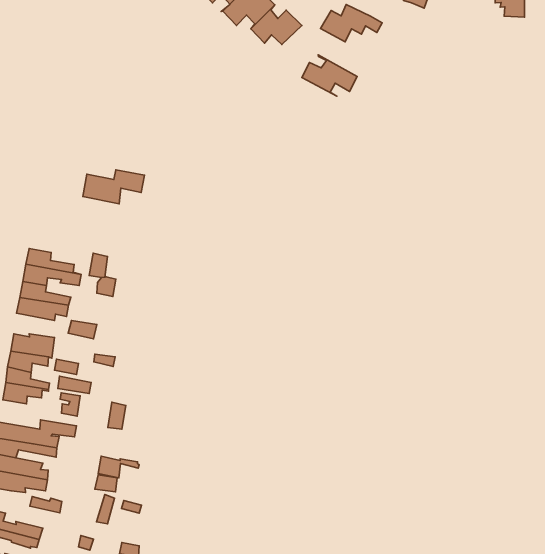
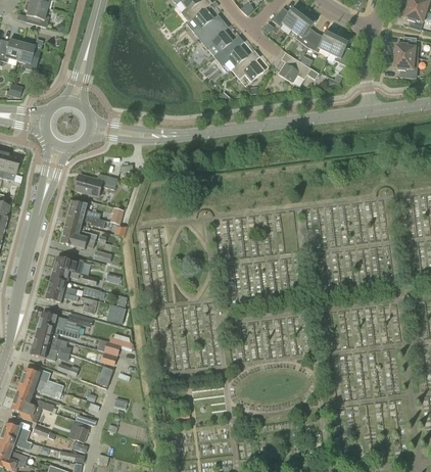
building: [302,55,357,96] -> none
building: [83,170,144,204] -> [76,173,117,195]

